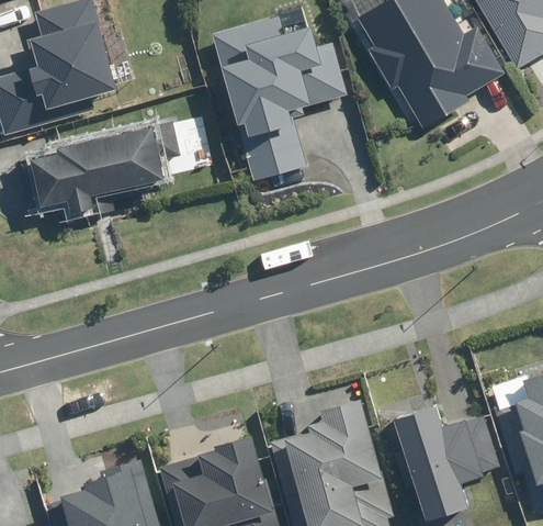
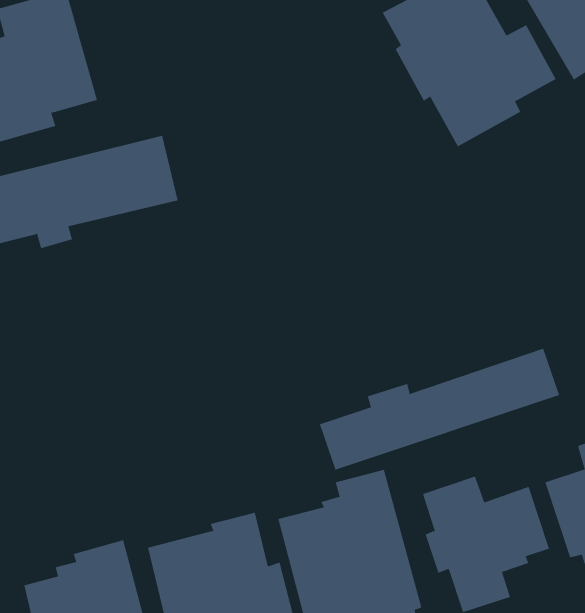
building: [214,10,351,179] -> none
building: none -> [319,348,560,471]

